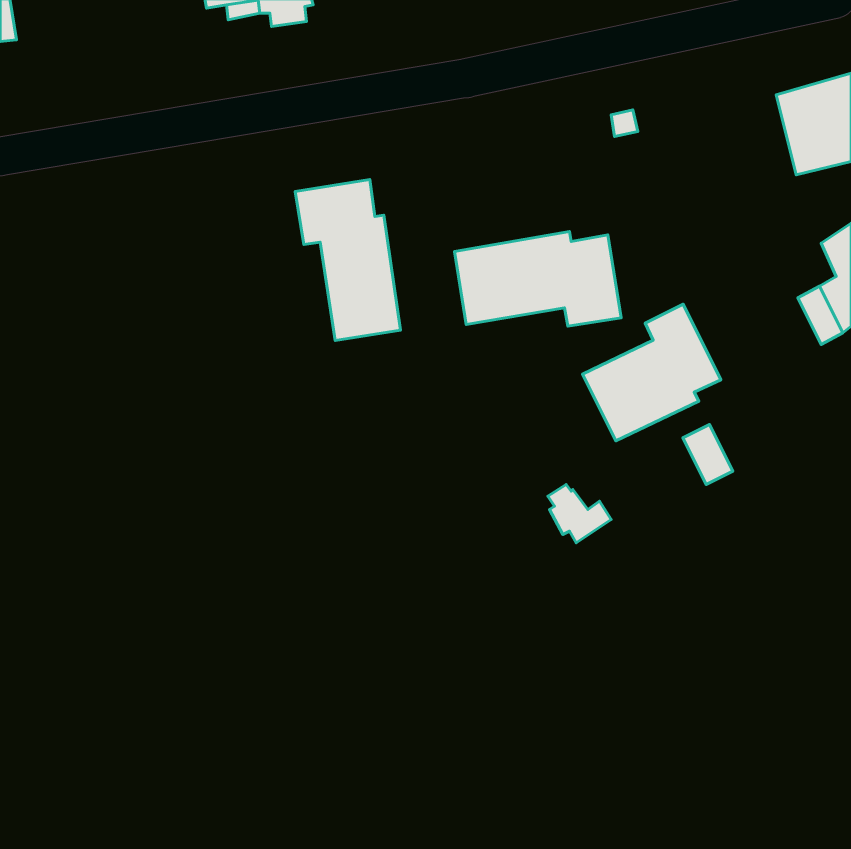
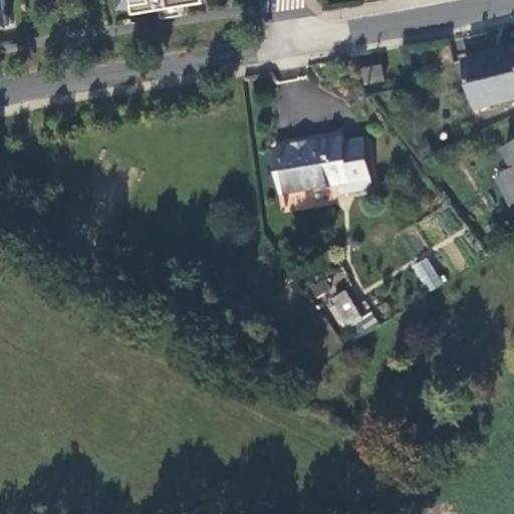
building: [295,180,401,341] -> none
building: [582,304,721,441] -> none

